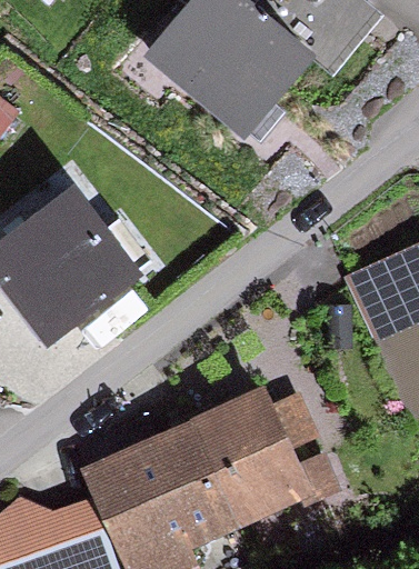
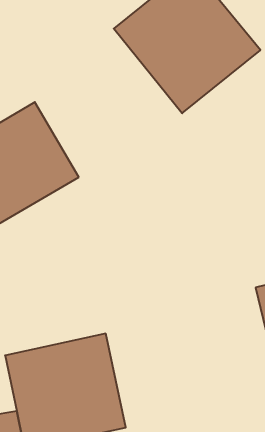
building: [193,392,331,530] -> none

